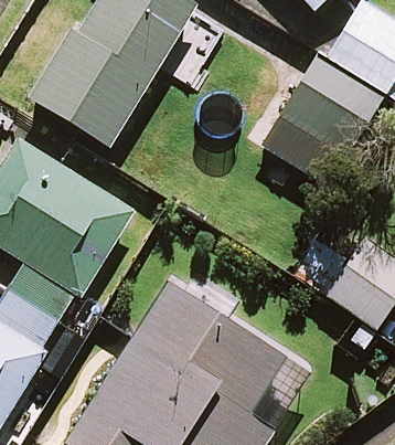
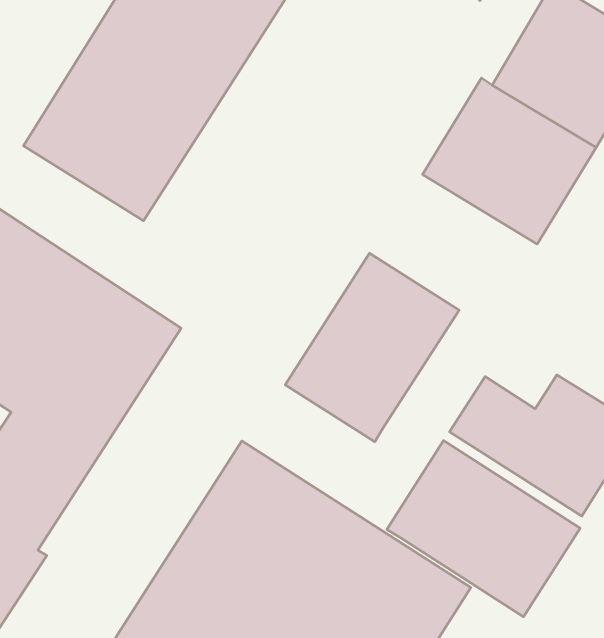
building: none -> [285,253,459,442]
building: none -> [387,441,580,617]

